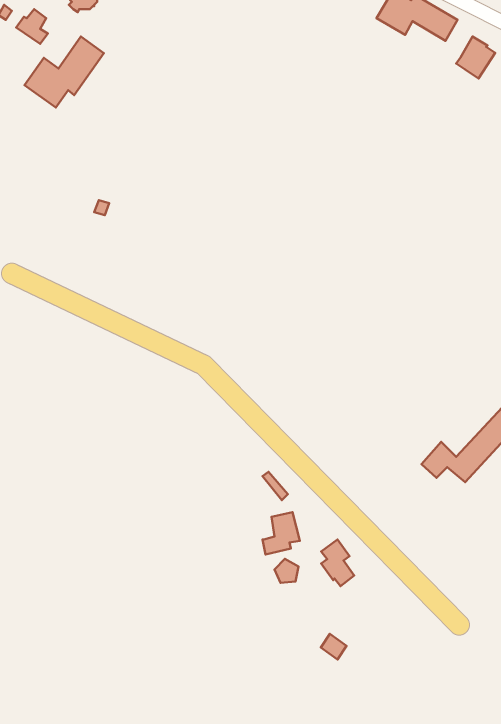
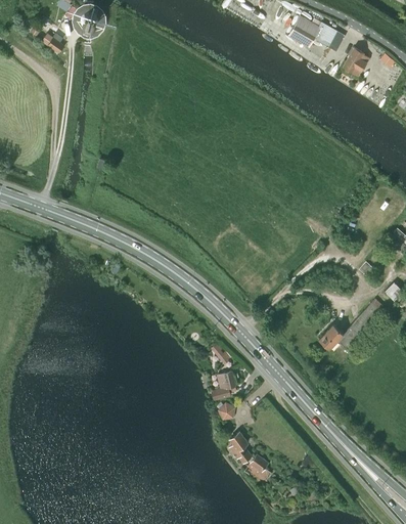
building: [24,36,104,108] -> none
building: [321,540,354,586] -> [229,431,252,463]

